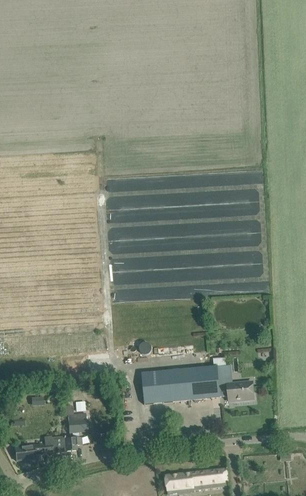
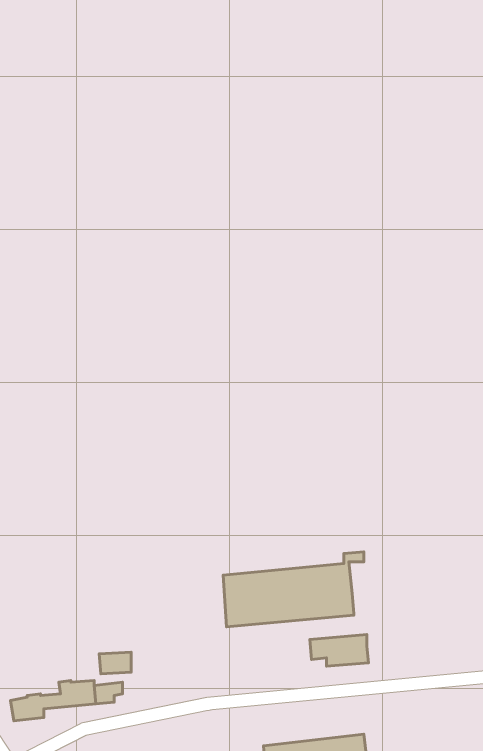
building: [218,381,253,400] -> [310,634,369,666]

